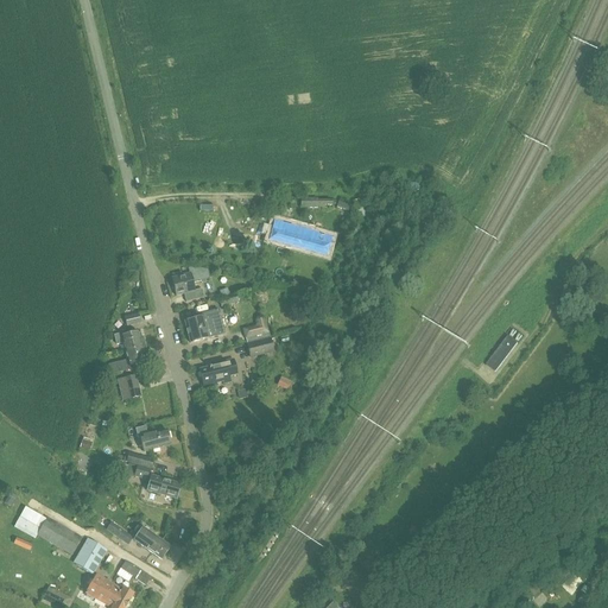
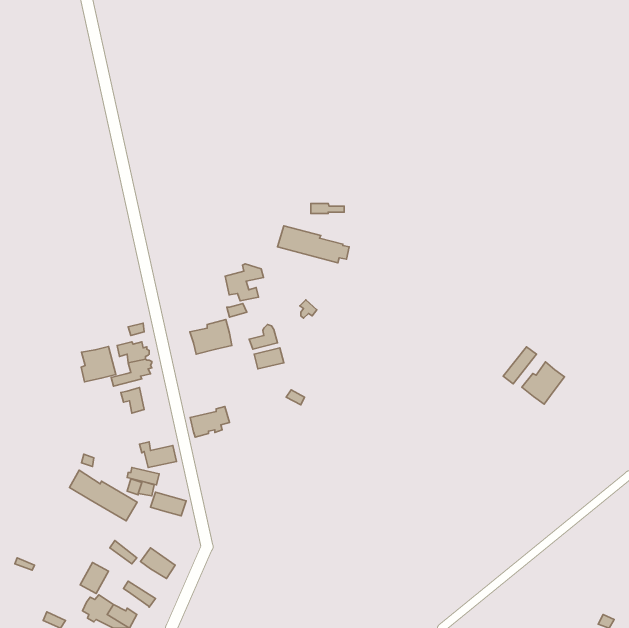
building: [171,264,208,299] -> [225,264,264,301]
building: none -> [81,347,116,382]
building: none -> [522,362,565,404]
building: [198,356,236,386] -> [190,406,230,437]
building: [15,505,81,553] -> [69,470,137,521]

